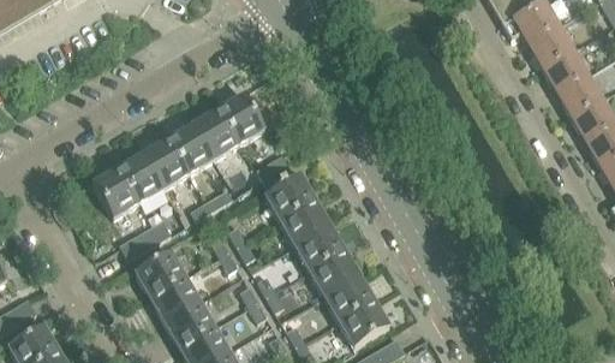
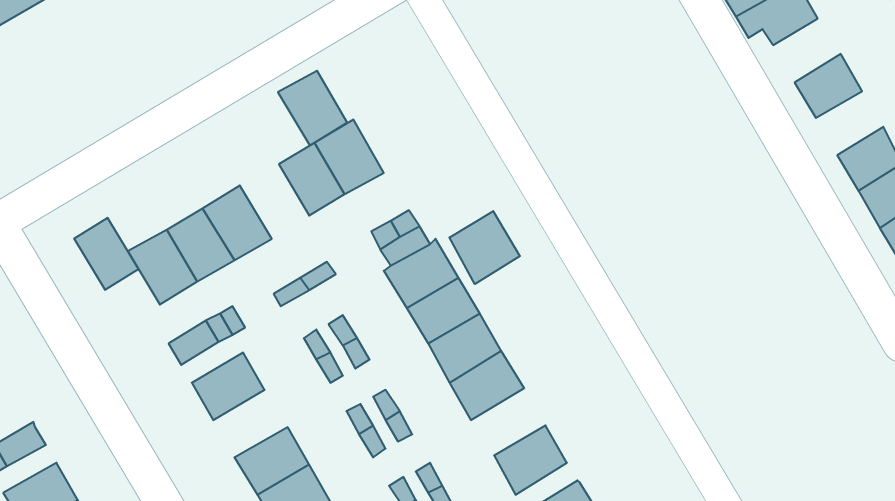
building: [529,24,574,67] -> none
building: [557,73,603,117] -> none
building: [168,123,215,173] -> [278,71,347,145]
building: none -> [449,211,520,284]
building: none -> [74,218,139,290]
building: [324,274,375,320] -> none
building: [150,275,201,321] -> none

